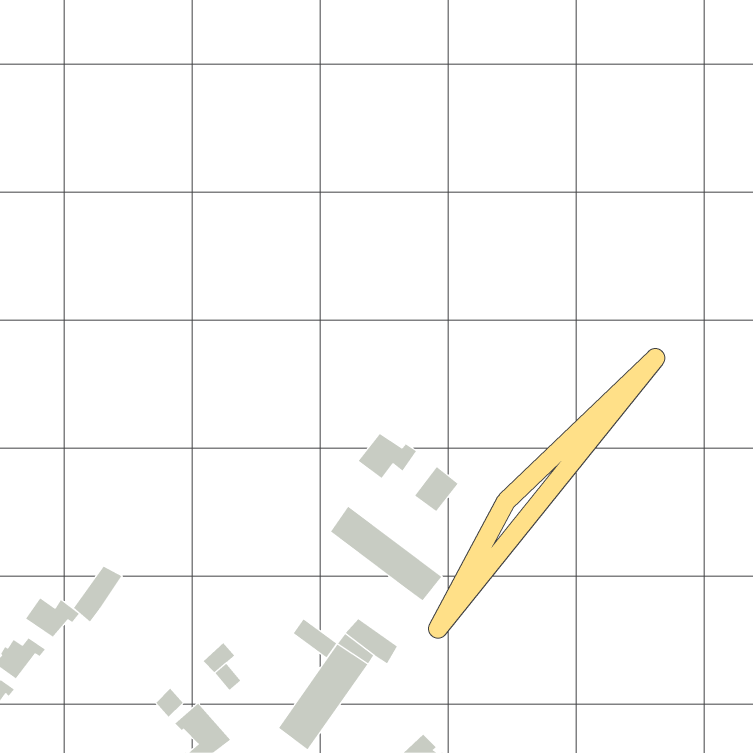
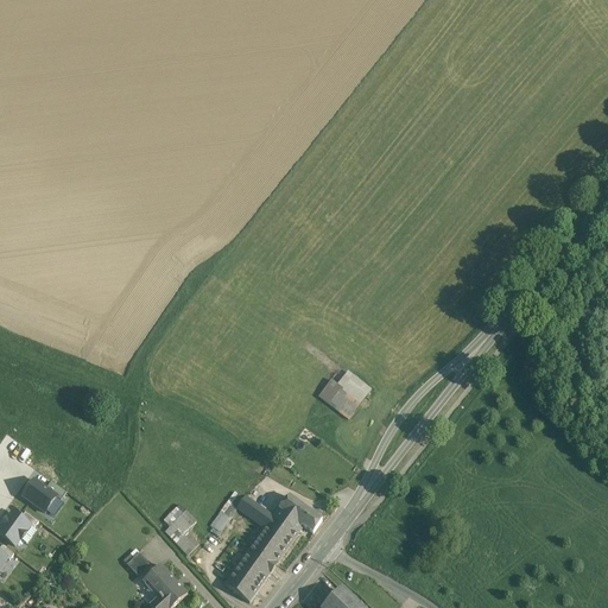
building: [358,433,417,479] -> none
building: [330,506,442,601] -> none
building: [73,566,122,622] -> none

